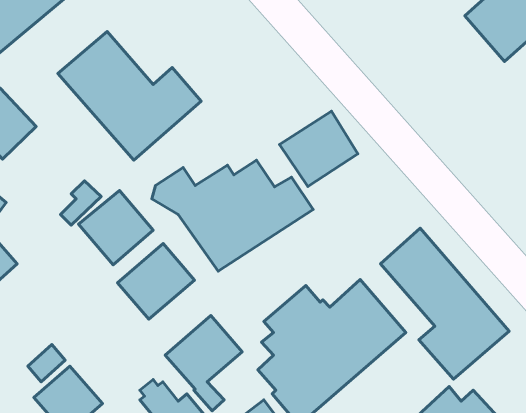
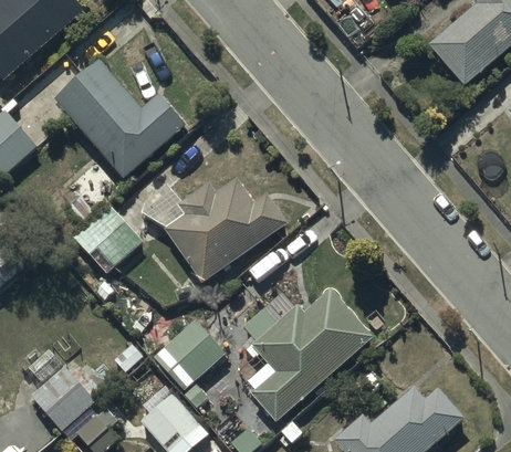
building: [279,111,358,187] -> none
building: [380,228,509,379] -> none
building: [117,244,195,319] -> none

